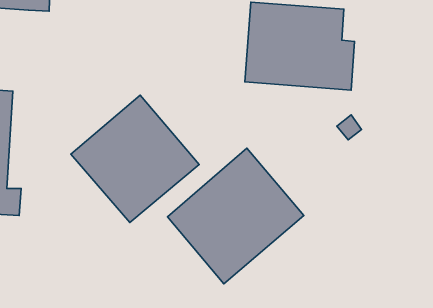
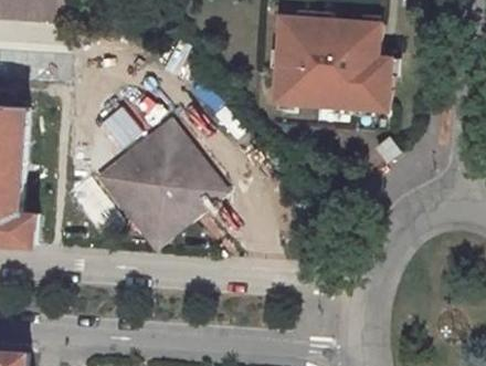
building: [168,148,304,284] -> none

